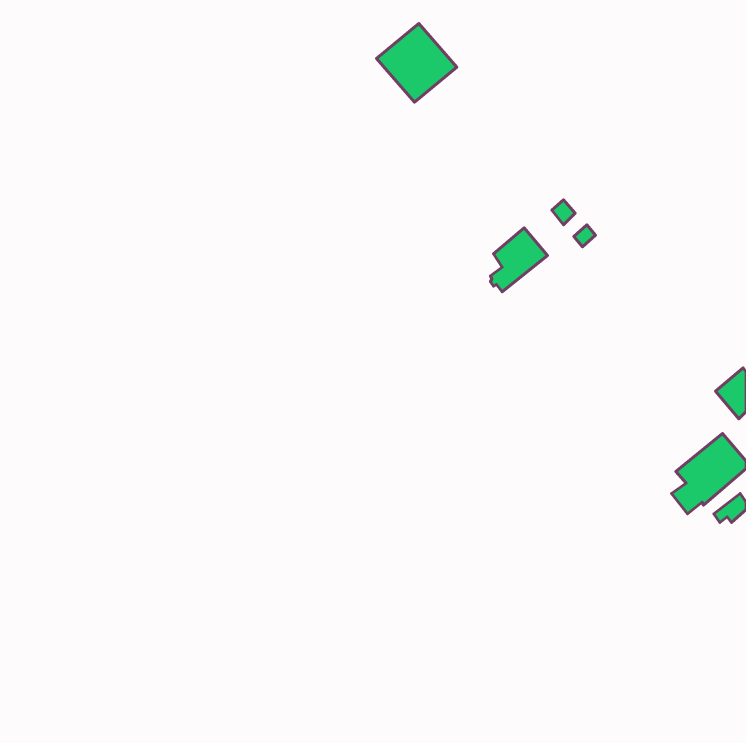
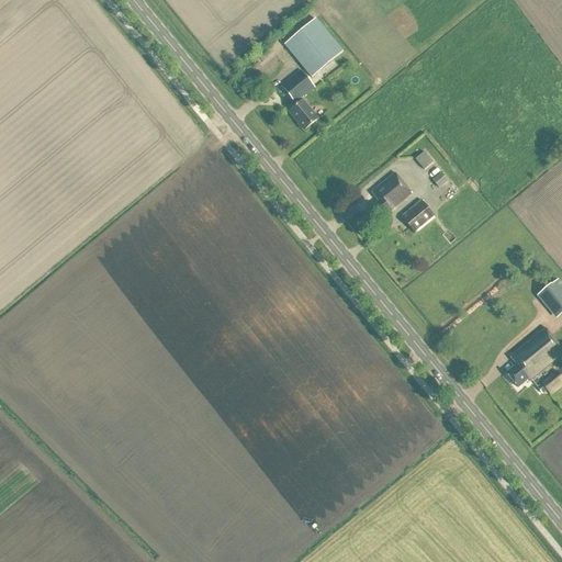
building: none -> [280,69,317,128]
building: none -> [398,200,432,234]

